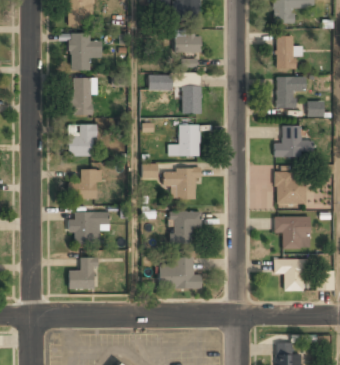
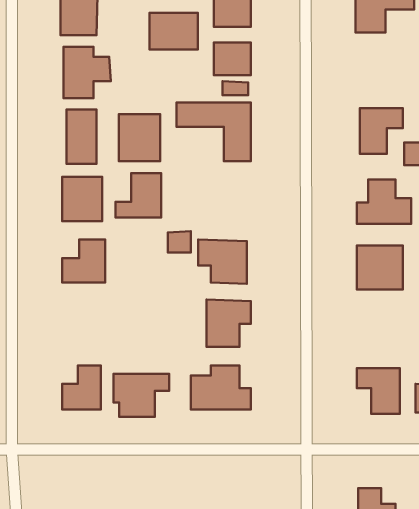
building: none -> [150,13,198,50]
building: [277,36,297,69] -> none
building: none -> [119,114,160,161]
building: [168,125,200,156] -> [115,173,161,218]
building: [71,213,110,243] -> [113,374,169,417]
building: [275,217,310,249] -> none

